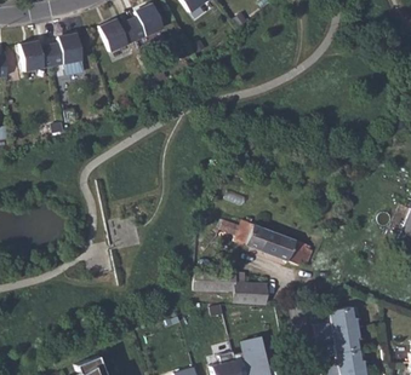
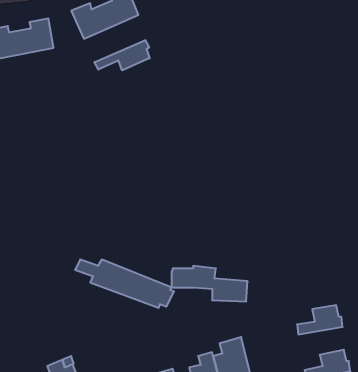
building: none -> [94,40,150,70]
building: [221,218,315,264] -> [75,260,174,308]
building: [316,327,361,353] -> none

